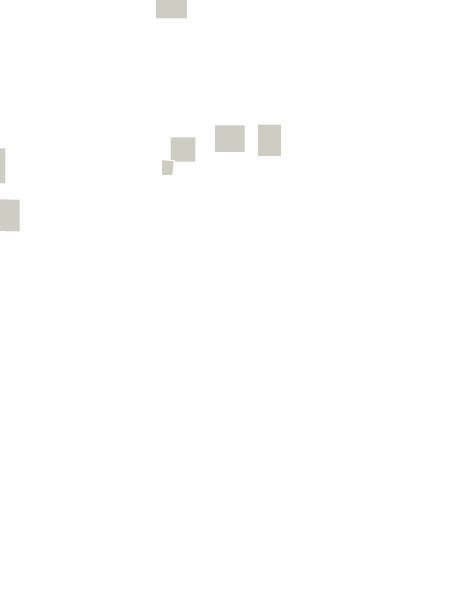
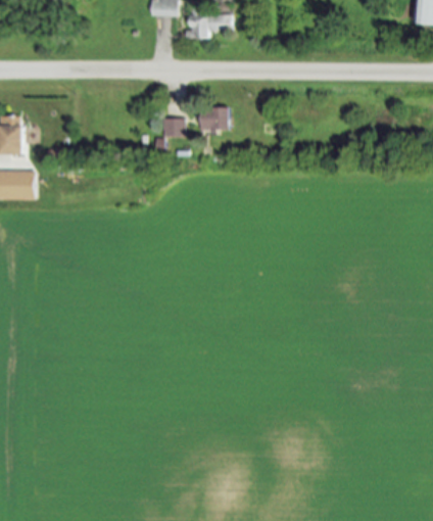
building: none -> [190,12,232,40]
building: [257,124,282,157] -> none

